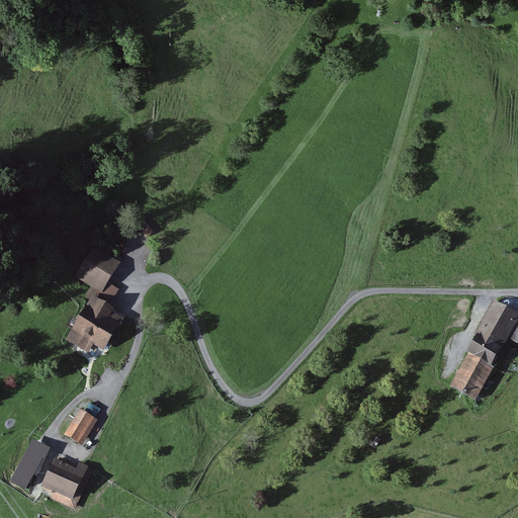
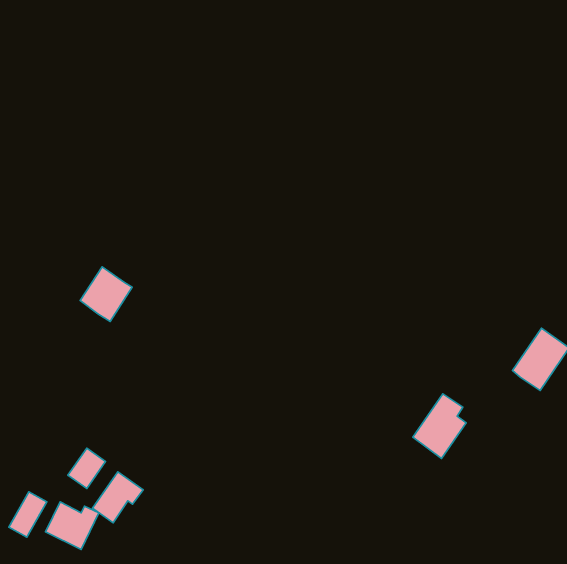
building: [66,295,125,358] -> none
building: [447,343,496,402] -> [413,394,466,458]
building: none -> [93,472,143,523]

